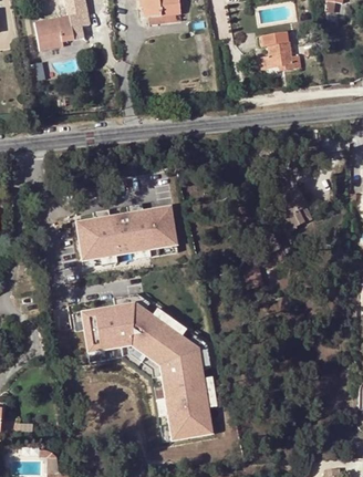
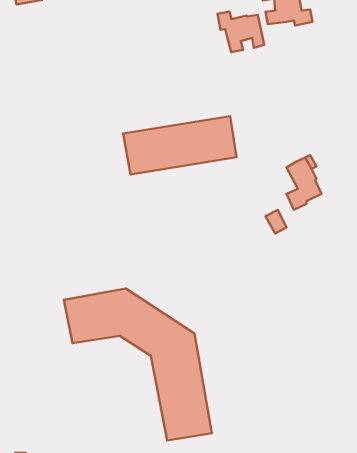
building: none -> [218,12,264,52]
building: [75,208,176,260] -> [123,116,236,175]

